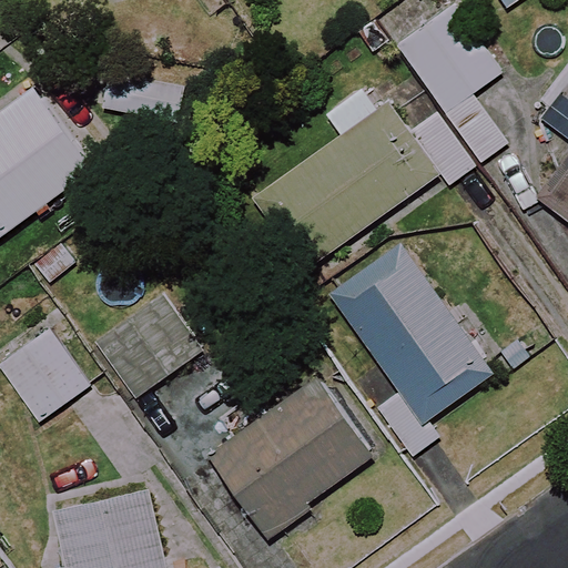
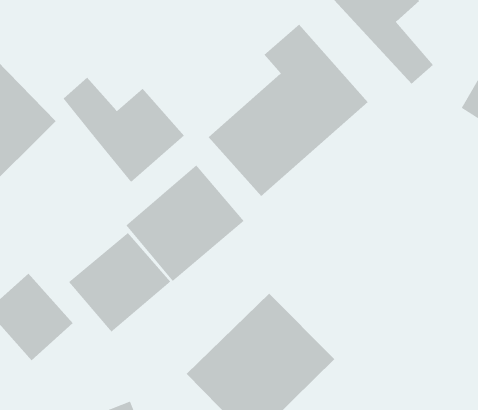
building: none -> [63,77,185,183]
building: none -> [125,164,244,282]
building: [333,245,493,456] -> none

